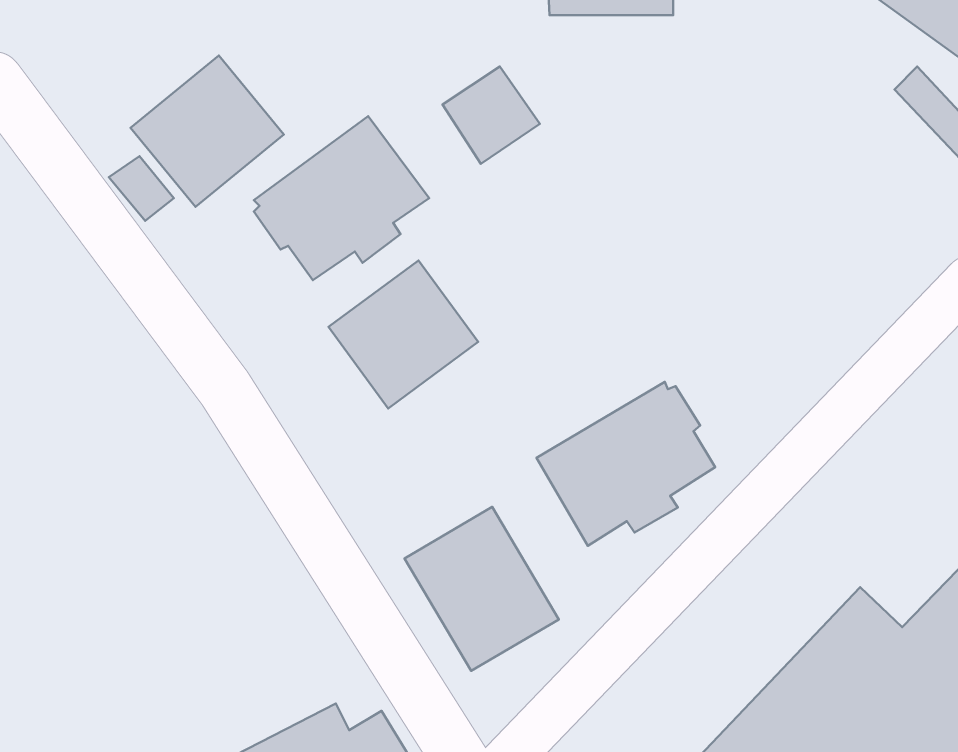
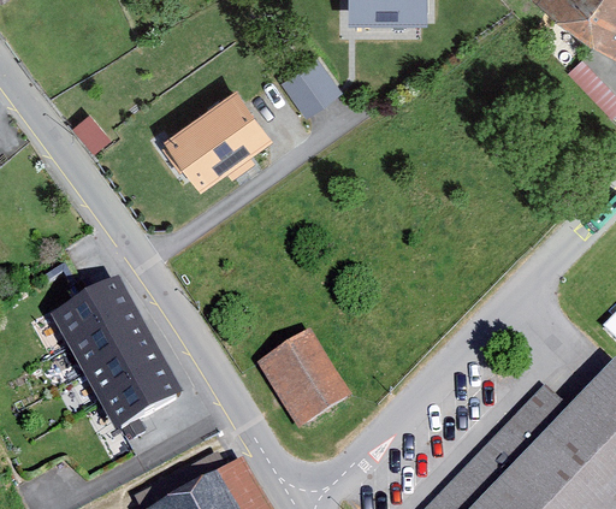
building: [131,55,284,207] -> none
building: [328,260,478,408] -> none
building: [537,382,715,546] -> none
building: none -> [52,280,183,434]

